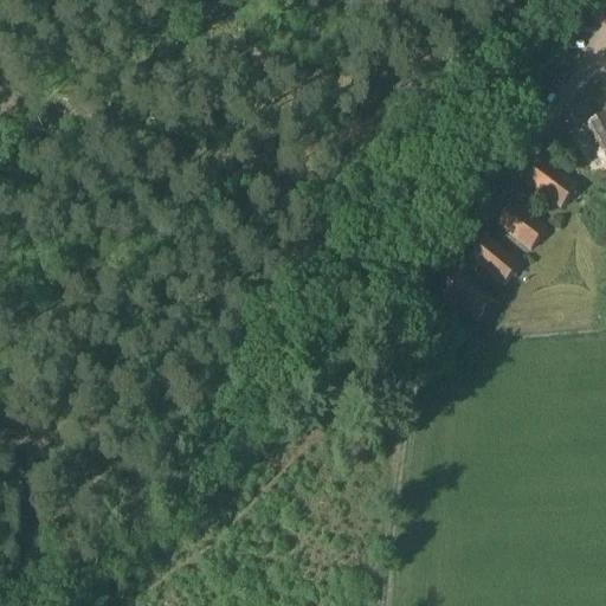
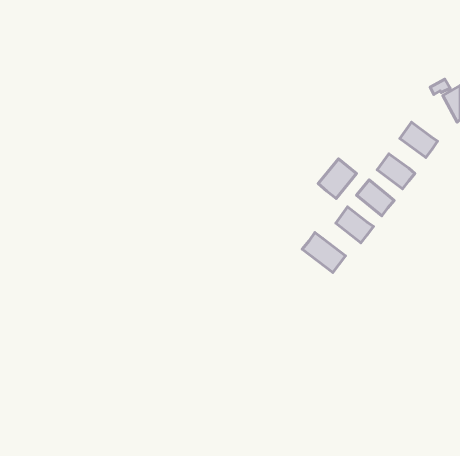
building: none -> [318,159,357,198]
building: none -> [302,233,346,273]

